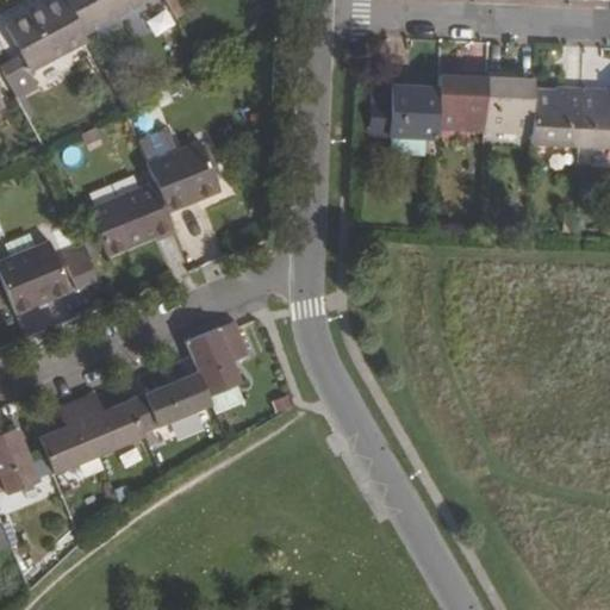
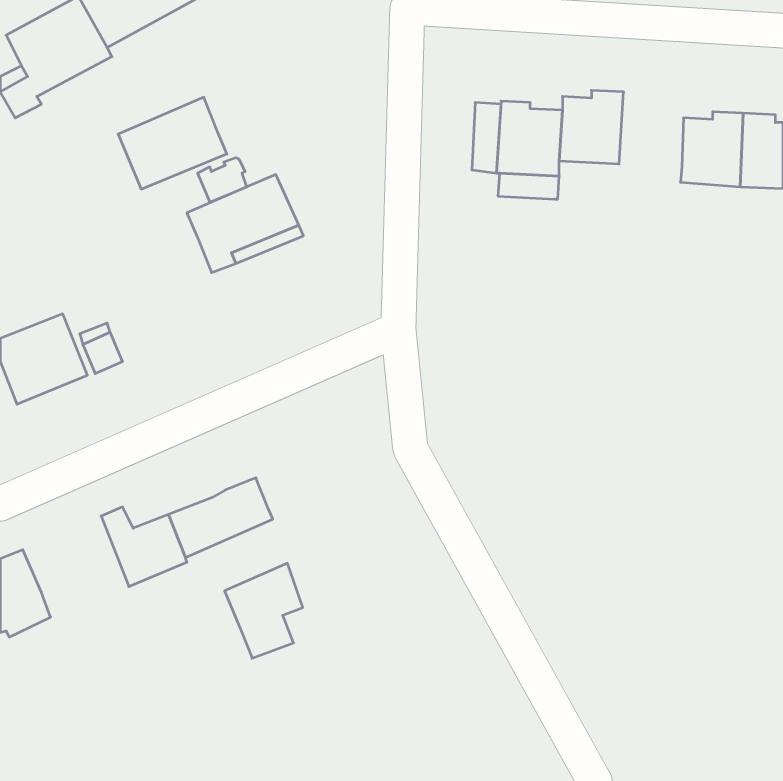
building: [481,71,533,130] -> none
building: [87,185,172,256] -> [118,97,227,189]
building: [187,322,248,396] -> [225,563,303,658]
building: [41,402,100,474] -> none

